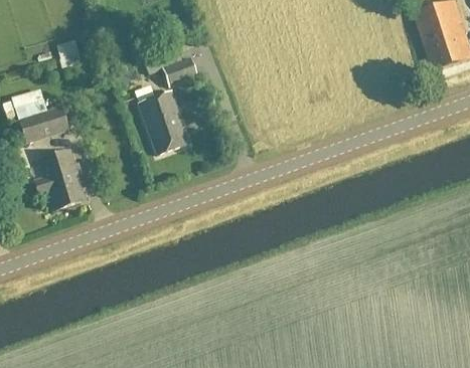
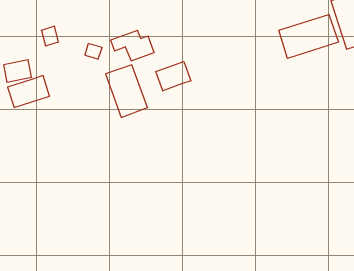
building: none -> [279,14,338,58]
building: none -> [156,62,191,91]
building: [34,148,86,209] -> none

